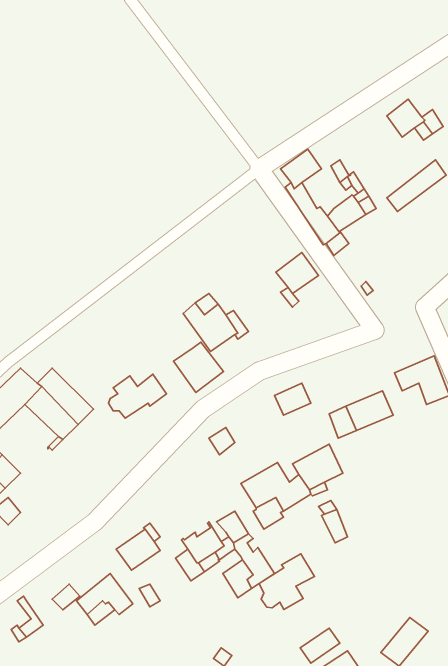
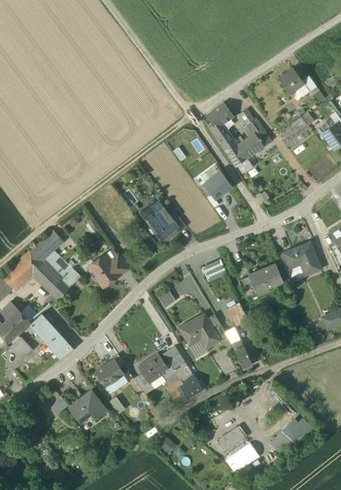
building: none -> [30,231,62,260]
building: [173,342,224,392] -> none
building: none -> [30,314,73,359]
building: [259,554,315,610] -> none

